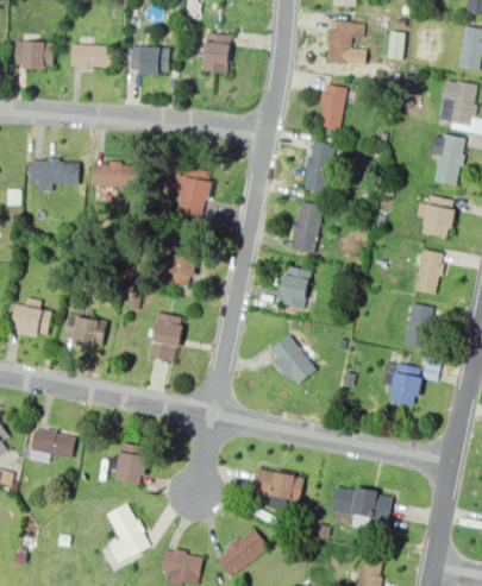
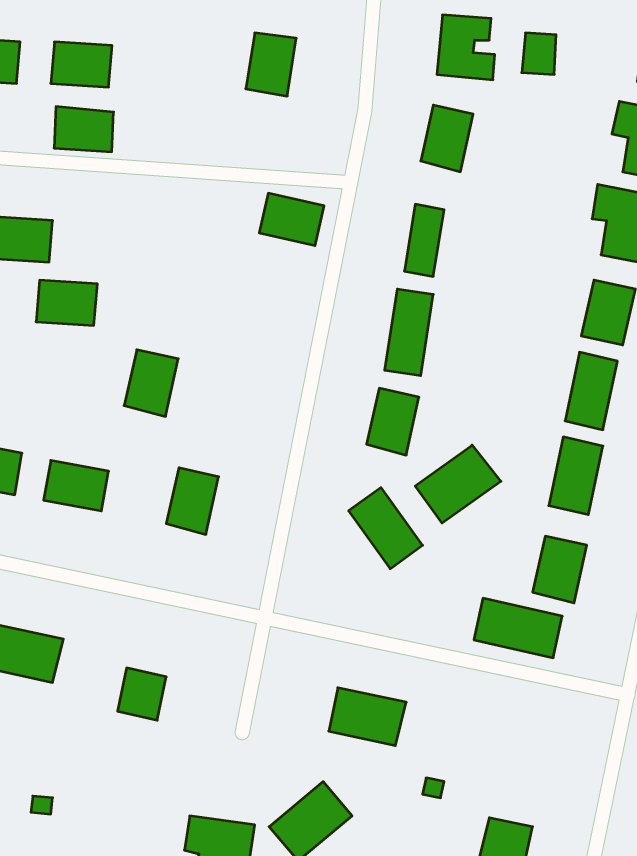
building: [130,43,169,73] -> [54,107,114,152]
building: [89,160,130,190] -> [36,280,97,325]
building: [173,172,215,207] -> [259,193,324,246]
building: [161,244,196,288] -> [124,350,178,416]
building: none -> [415,445,501,523]
building: [328,481,387,521] -> [474,598,562,658]
building: [104,508,149,568] -> none

